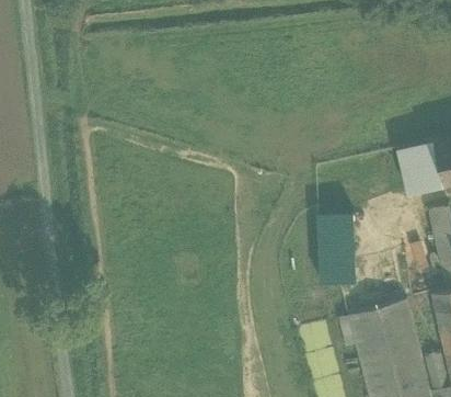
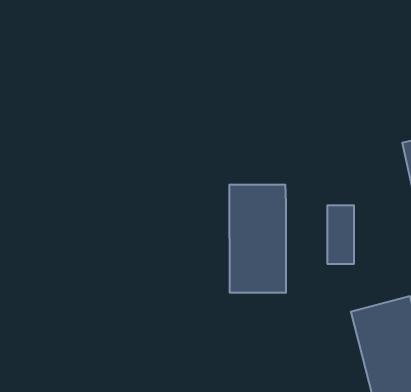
building: none -> [229,185,286,293]

